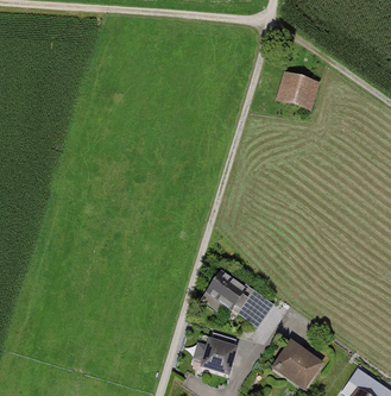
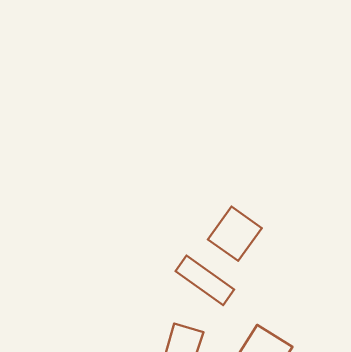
building: [273,70,319,109] -> none
building: none -> [208,207,262,261]

